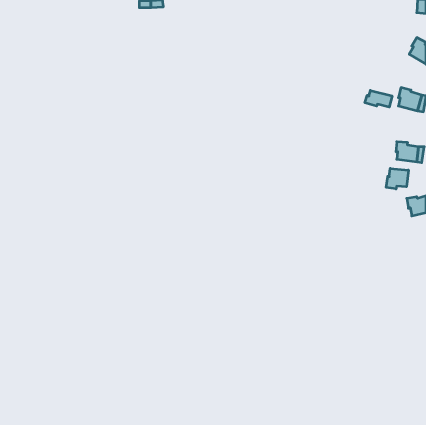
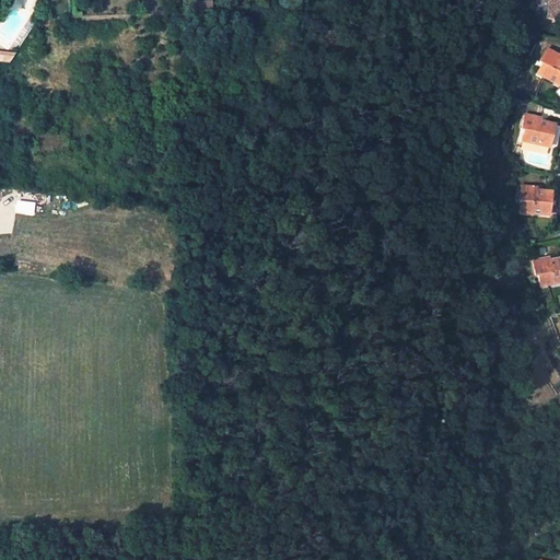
building: [365,90,392,107] -> none
building: [386,168,408,189] -> none

